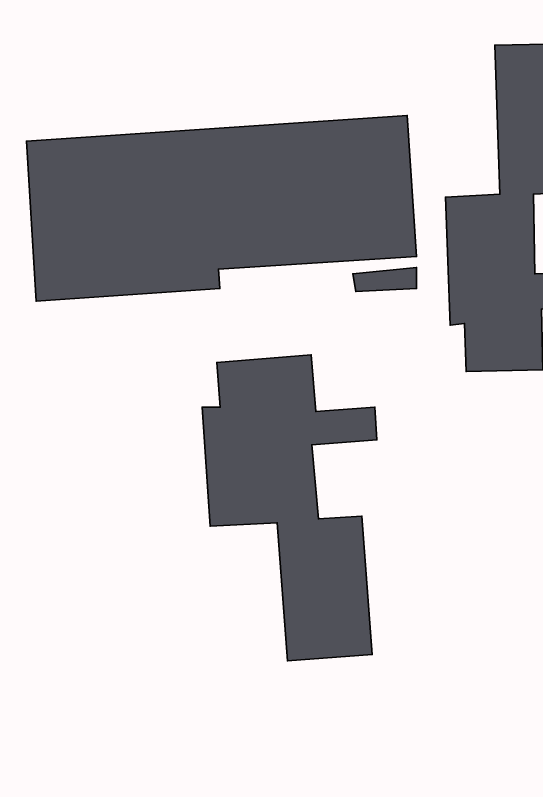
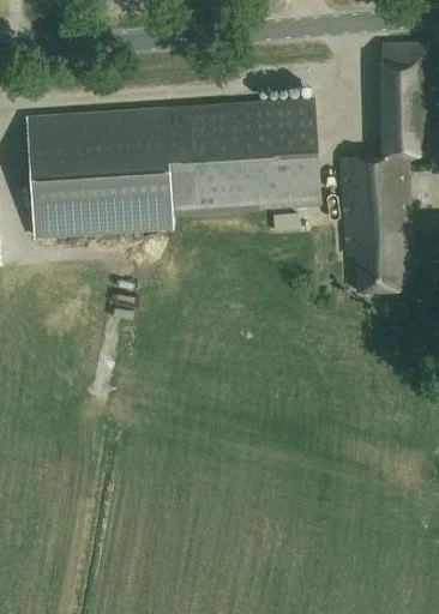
building: [202,355,377,661] -> none

